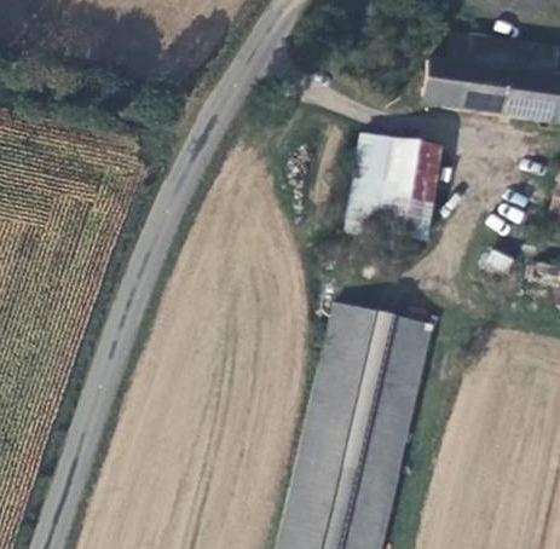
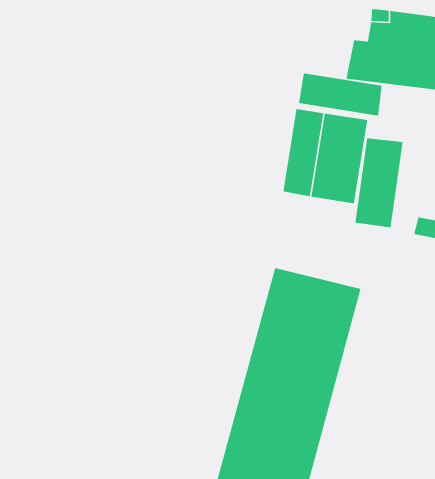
building: none -> [298,73,383,116]
building: none -> [354,137,403,228]

